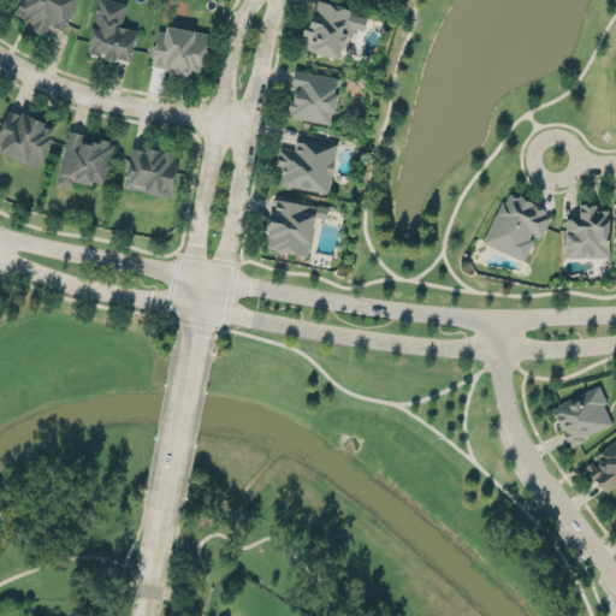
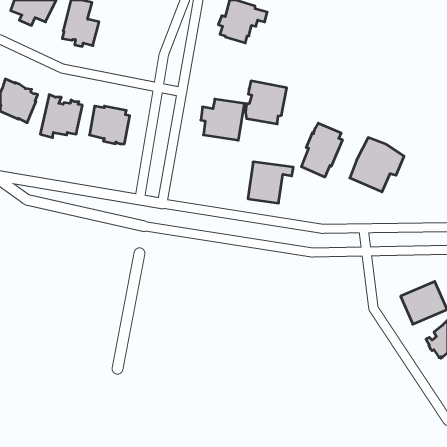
building: [152,26,207,77] -> none
building: [288,67,344,126] -> [246,81,287,124]
building: none -> [301,123,342,177]
building: [266,200,328,256] -> [248,162,293,203]
building: [567,205,610,260] -> none

